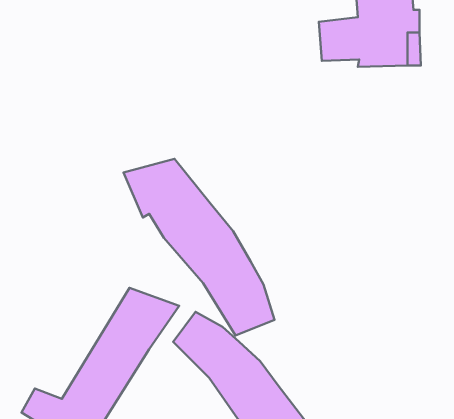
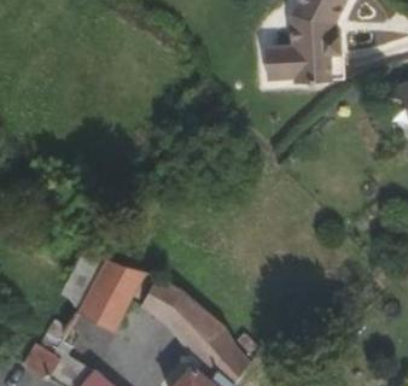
building: [123,159,274,335] -> none

